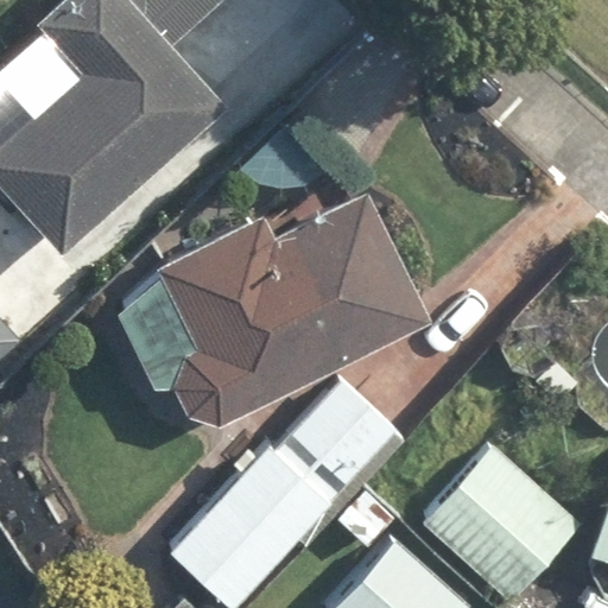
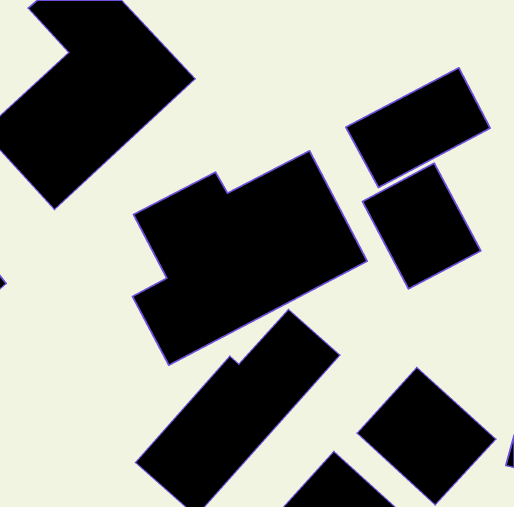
building: none -> [346,68,490,187]
building: none -> [363,163,481,289]

